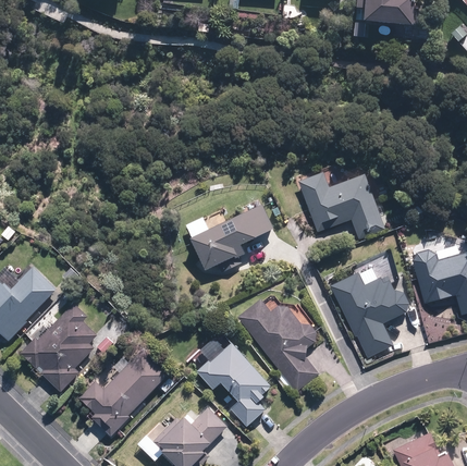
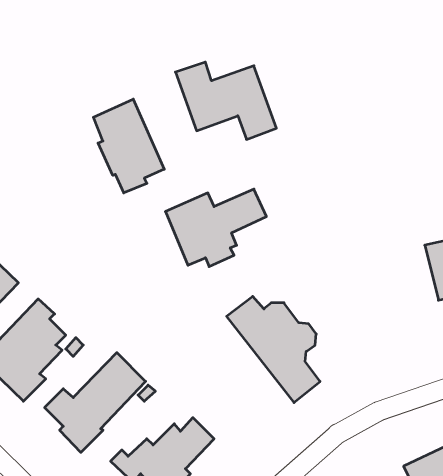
building: none -> [93,99,164,193]
building: [297,172,385,240] -> [175,62,276,139]
building: [331,267,409,359] -> none
building: [197,342,272,428] -> none

